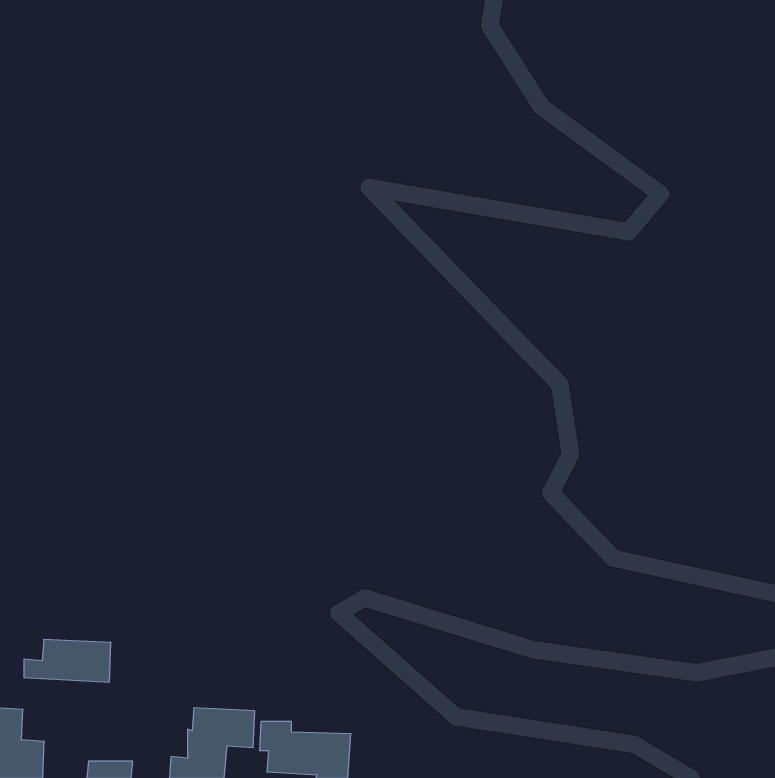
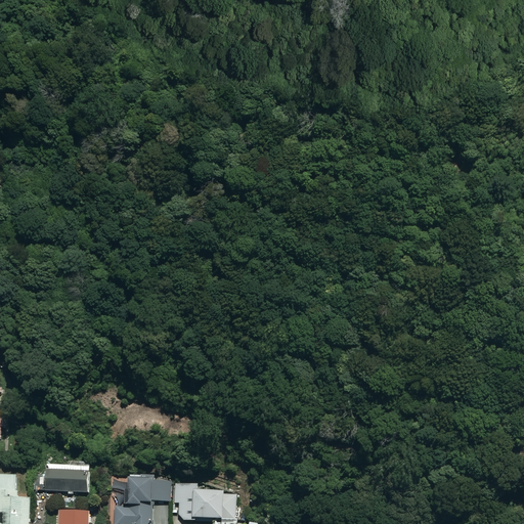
building: [24,639,111,682] -> [34,465,92,493]

